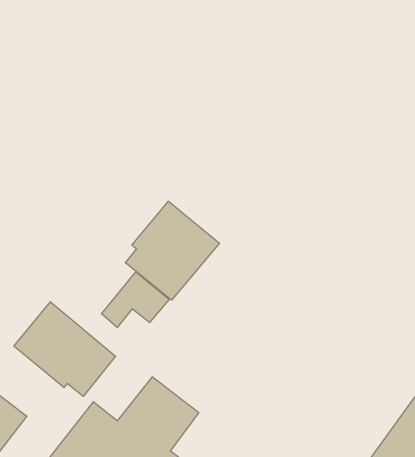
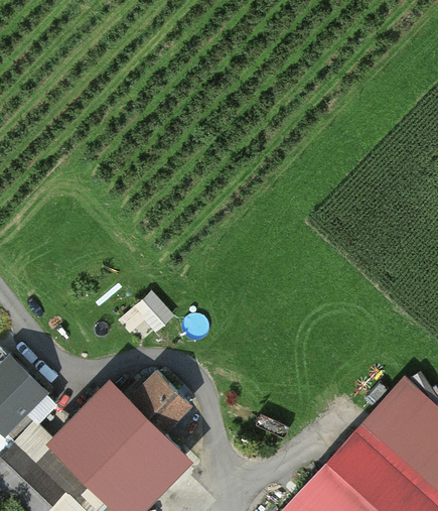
building: [125,201,219,300] -> none
building: [14,302,115,396] -> none

